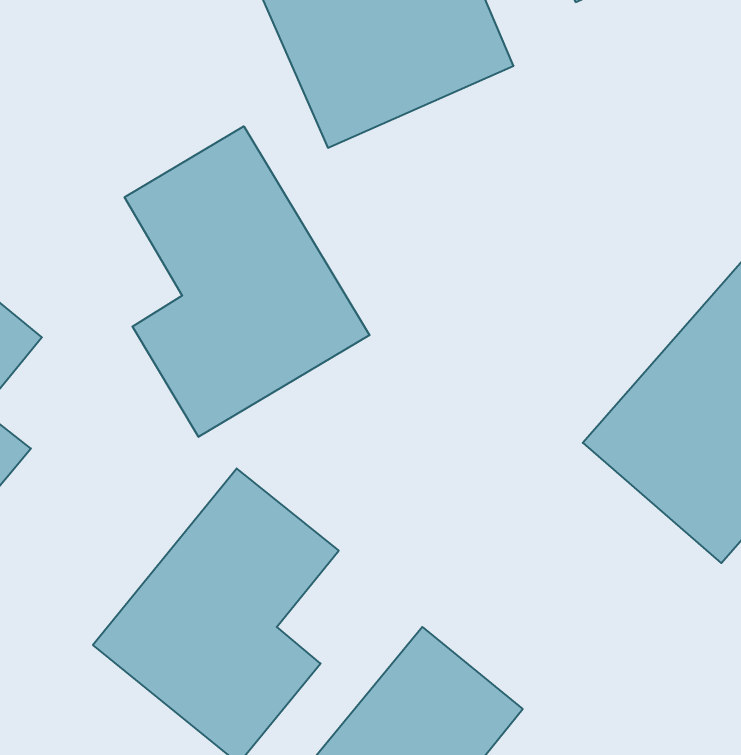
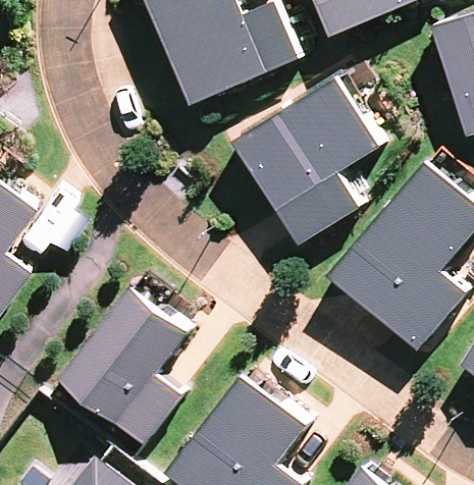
building: none -> [234,78,375,235]
building: [125,126,370,437] -> none

